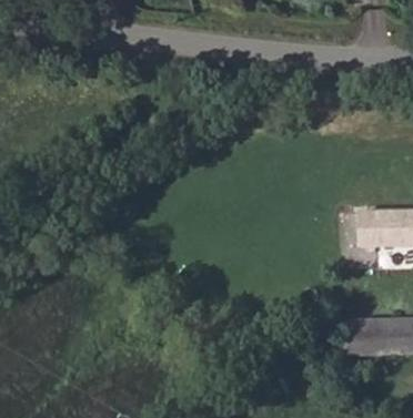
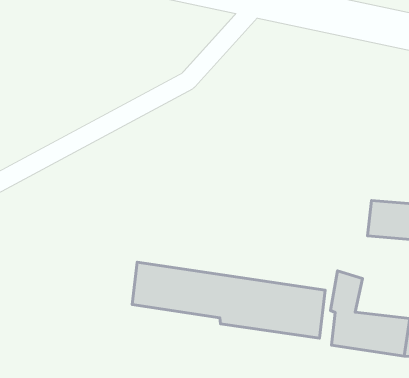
building: none -> [132,262,325,338]

